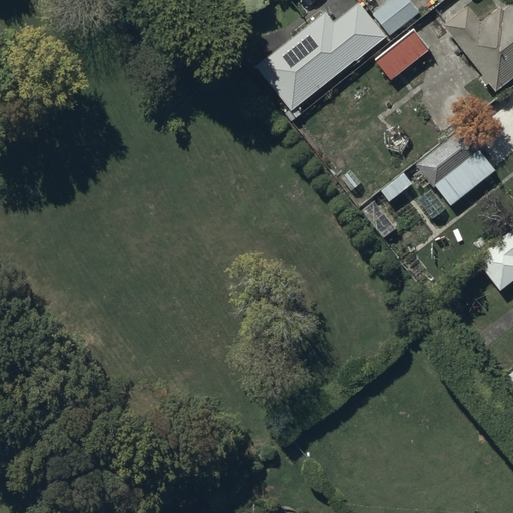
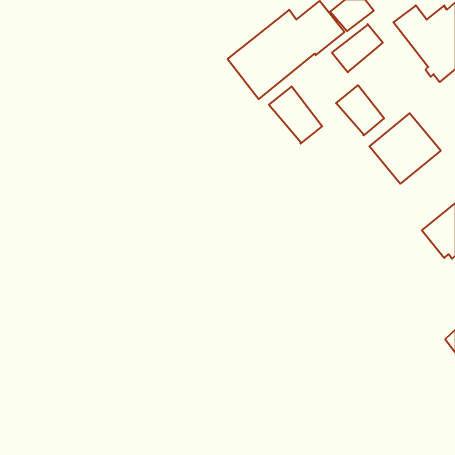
building: none -> [336,85,384,135]
building: none -> [269,86,322,144]

